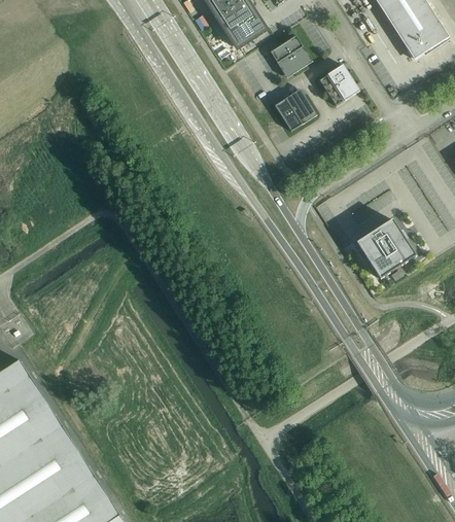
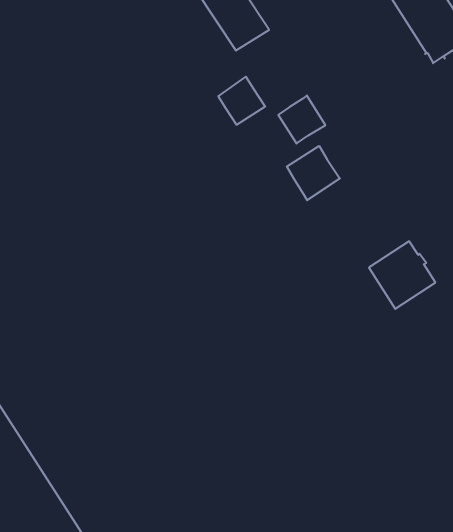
building: [270,34,312,77] -> [218,77,265,125]
building: [318,64,359,105] -> none
building: none -> [287,146,340,200]

